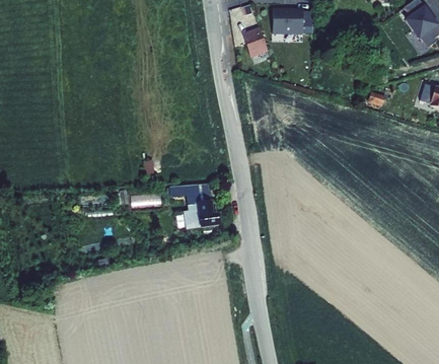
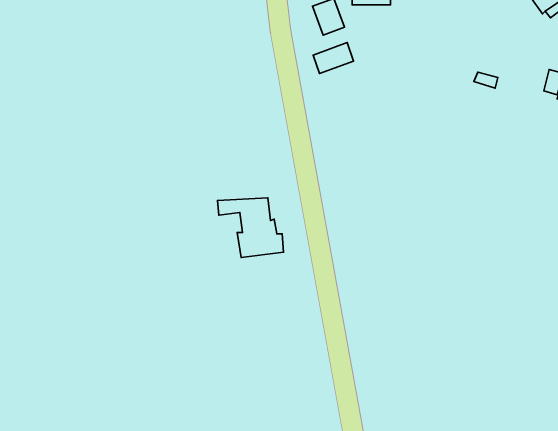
building: none -> [313,43,354,73]

